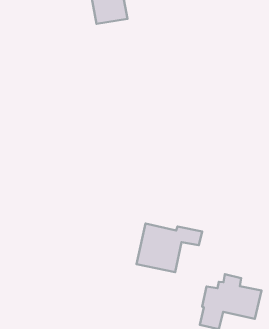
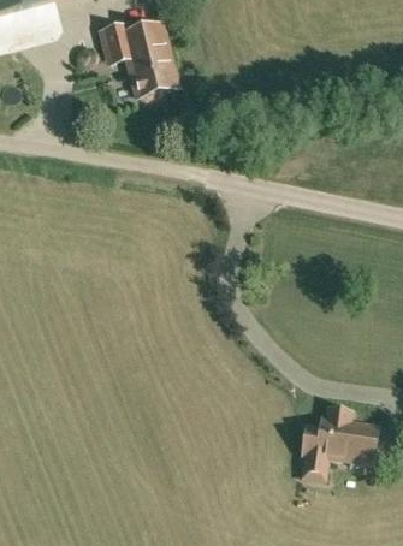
building: [137,224,202,272] -> none

